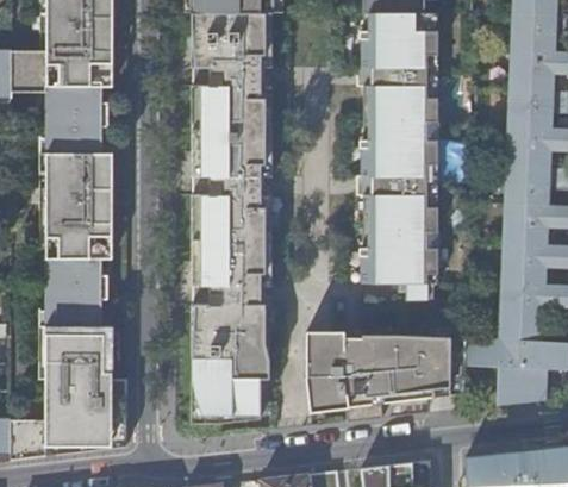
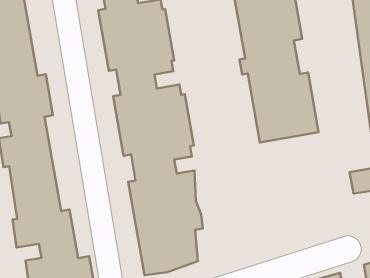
building: [308,332,467,422] -> none

